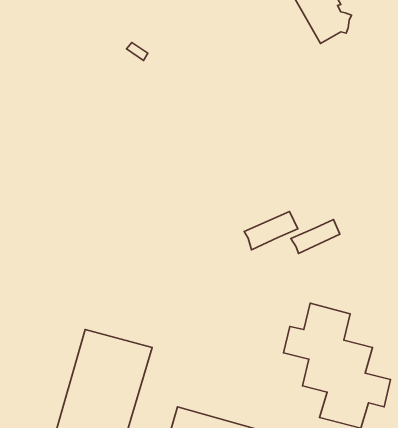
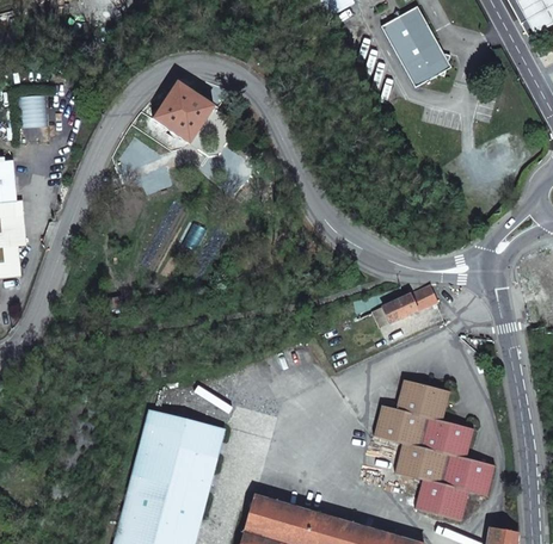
building: none -> [154,84,214,143]
building: [244,212,298,250] -> none

